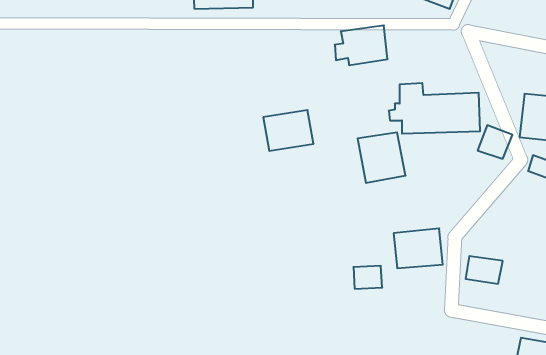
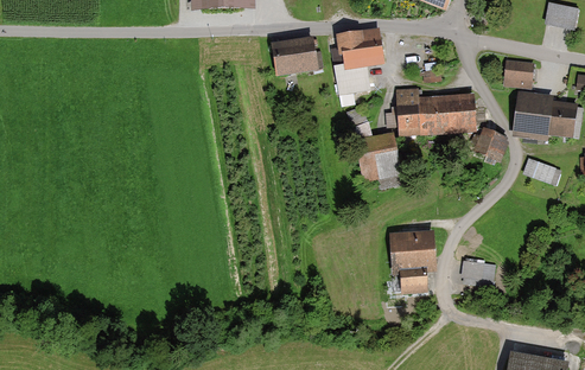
building: none -> [504,59,534,87]
building: [263,110,314,151] -> [271,36,320,76]
building: [353,266,382,289] -> [400,270,428,293]

